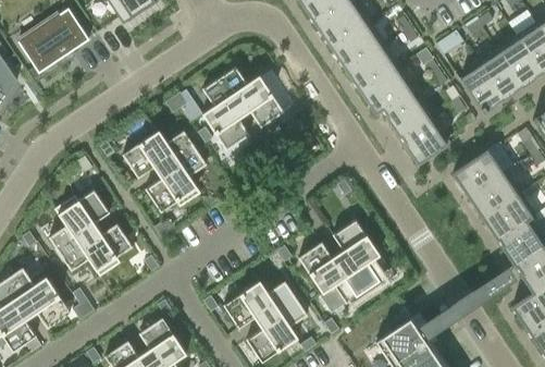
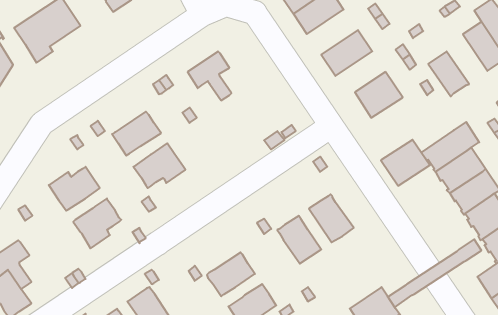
building: [330,22,384,70] -> none
building: [475,48,522,101] -> none
building: [360,66,413,114] -> none
building: [236,69,295,127] -> none
building: [201,98,249,150] -> none
building: [398,115,450,164] -> [381,140,430,186]
building: [152,131,206,179] -> none
building: [48,223,101,270] -> none
building: [320,250,379,313] -> none
building: [23,277,70,328] -> none
building: [253,281,307,329] -> none

